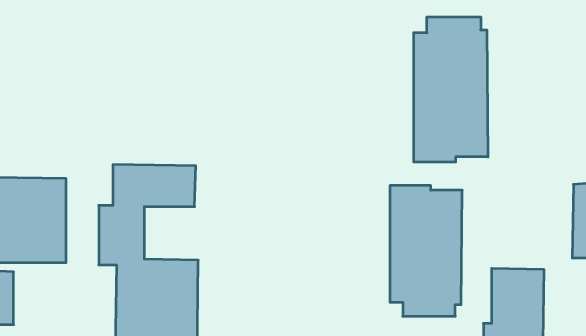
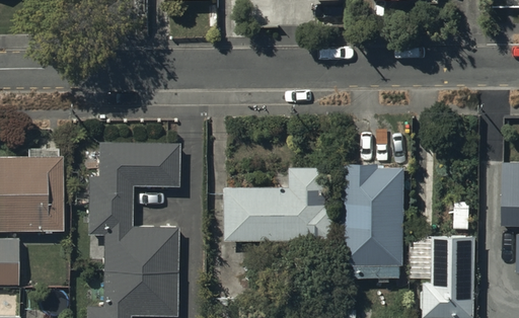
building: [414,17,488,162] -> none
building: none -> [223,168,332,242]

